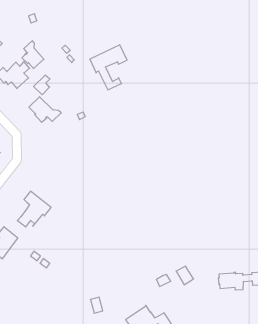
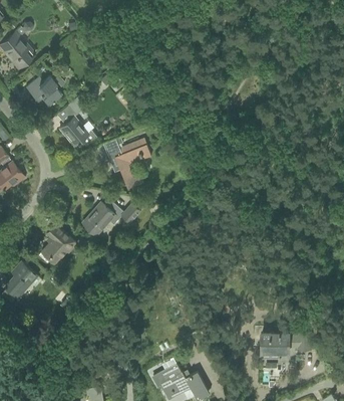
building: [22,41,44,69] -> none
building: [90,45,127,90] -> [109,139,151,189]
building: none -> [83,200,141,236]

